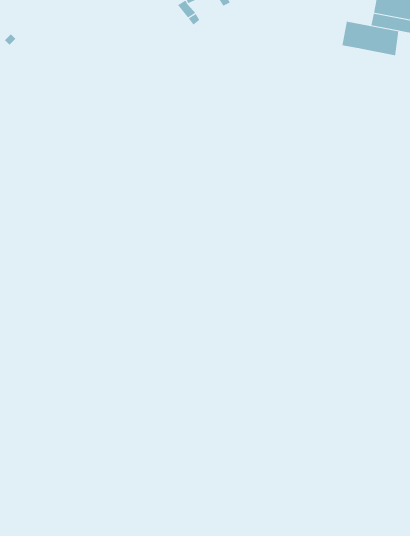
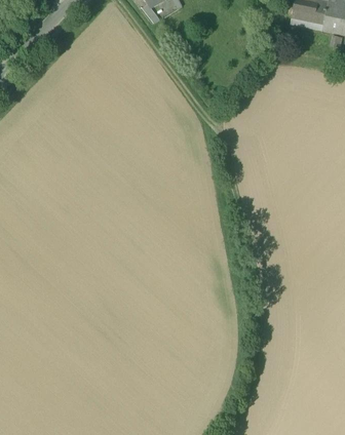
building: [342,21,399,56] -> none

